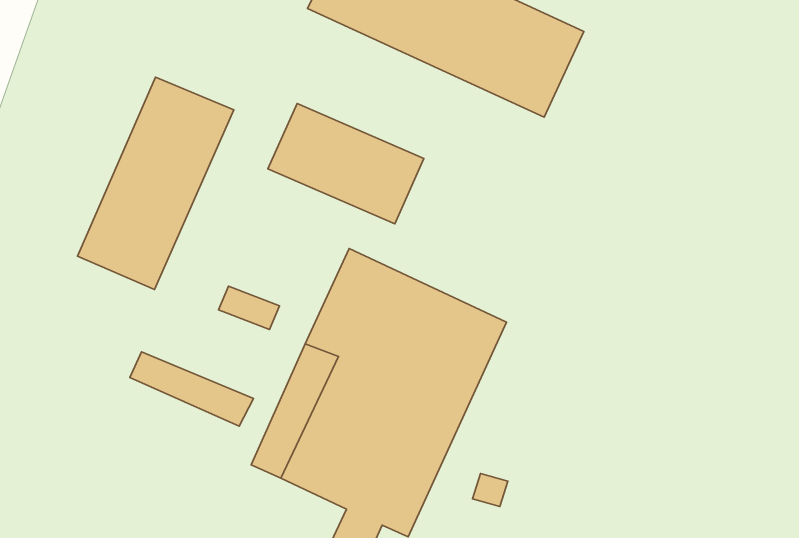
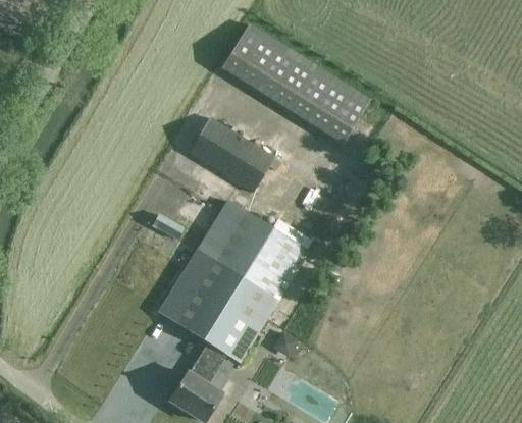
building: [77,77,234,290] -> none
building: [130,352,253,426] -> none

